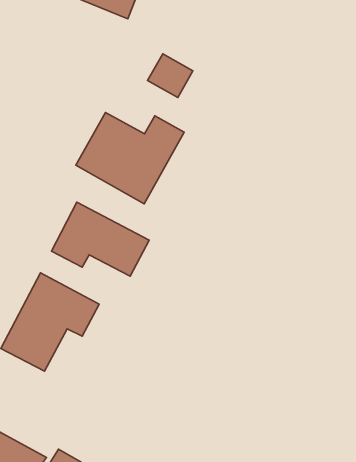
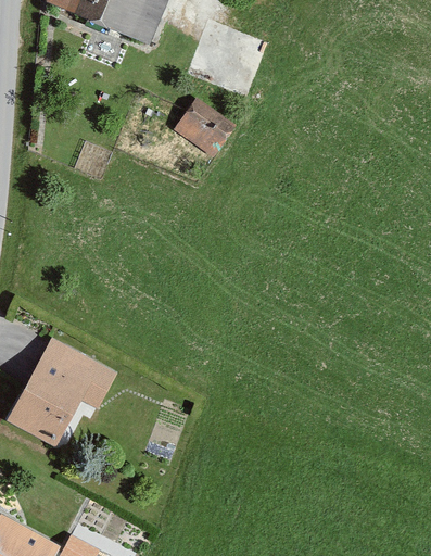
building: [76,112,184,204] -> none
building: [51,202,149,276] -> none

